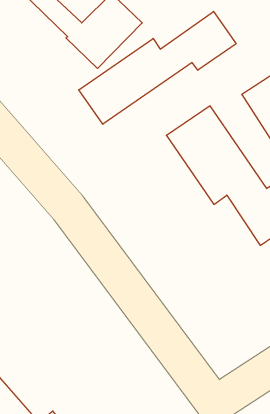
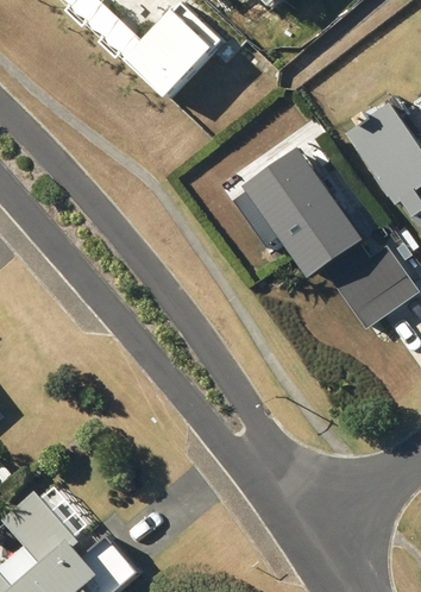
building: [79,11,236,124] -> none

